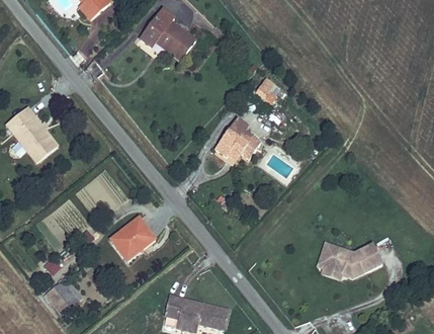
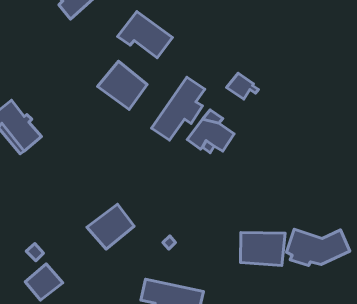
building: none -> [97,61,147,110]
building: none -> [152,77,205,140]
building: none -> [240,232,285,265]

